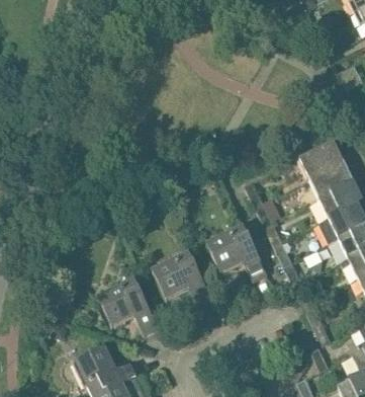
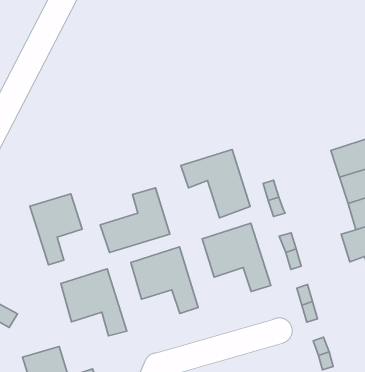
building: none -> [181,150,250,218]
building: none -> [100,188,170,253]
building: none -> [30,194,82,265]

